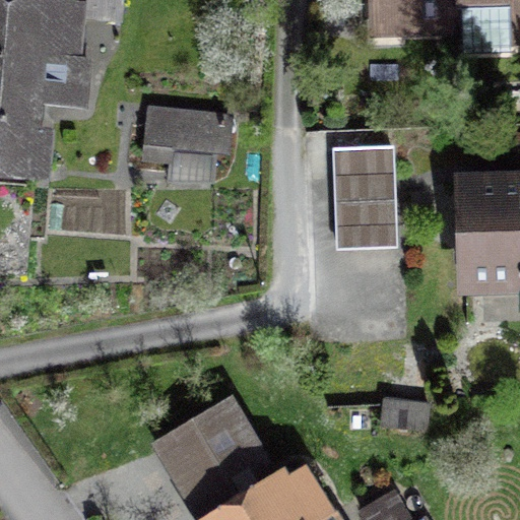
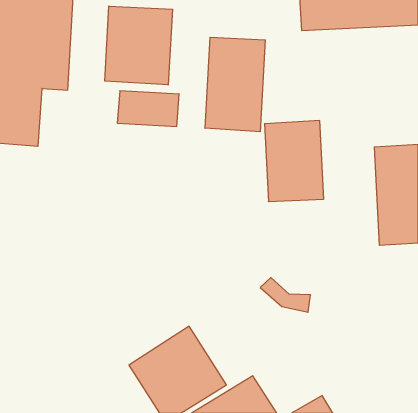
building: none -> [105,6,172,85]
building: none -> [205,37,265,132]

